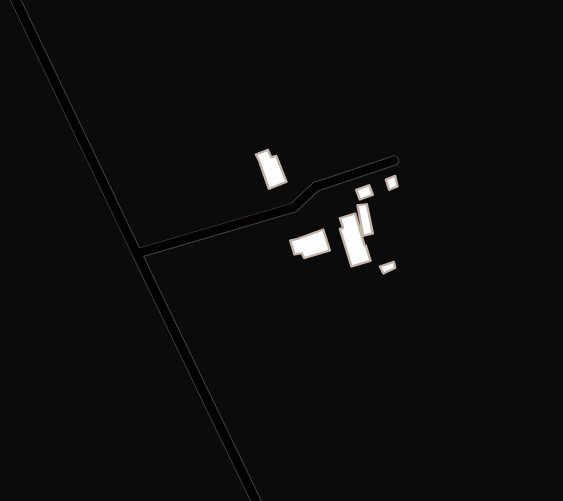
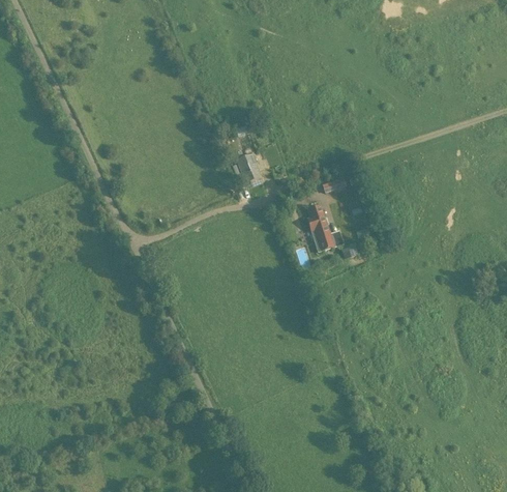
building: [290,229,330,258] -> none

